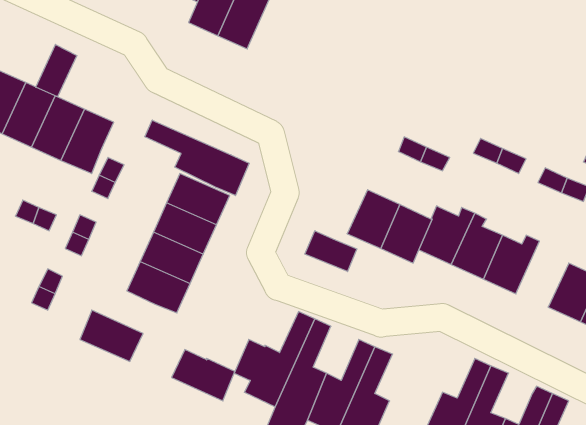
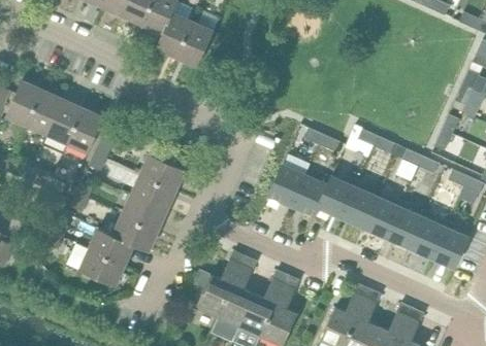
building: [36,44,77,97] -> none
building: [145,120,249,196] -> none
building: [305,231,357,272] -> none
building: none -> [387,201,424,247]
building: [172,350,235,401] -> [89,230,133,266]

